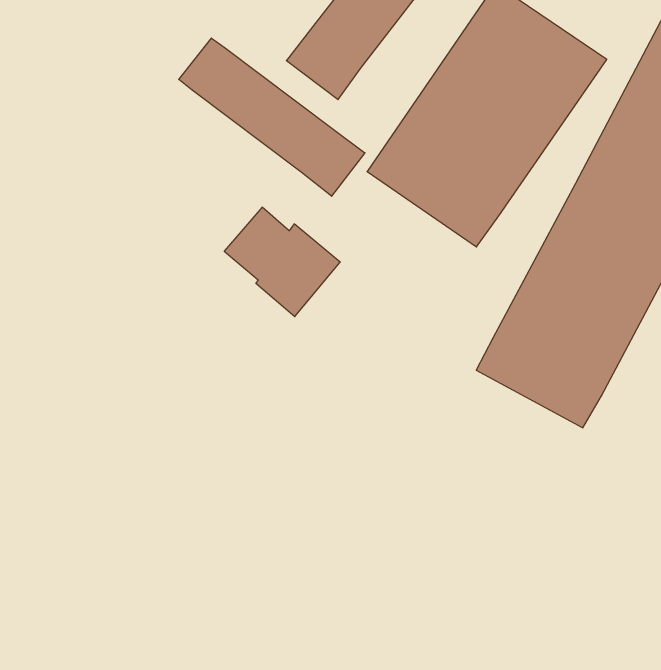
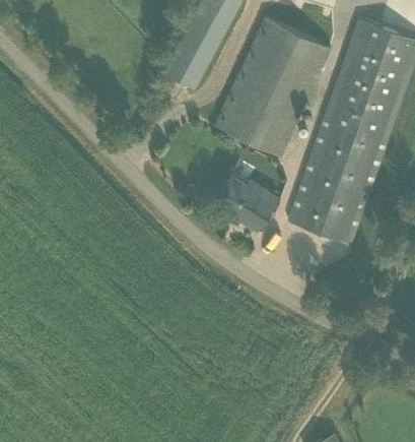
building: [179,38,365,196] -> none
building: [224,207,340,317] -> [214,175,276,230]

